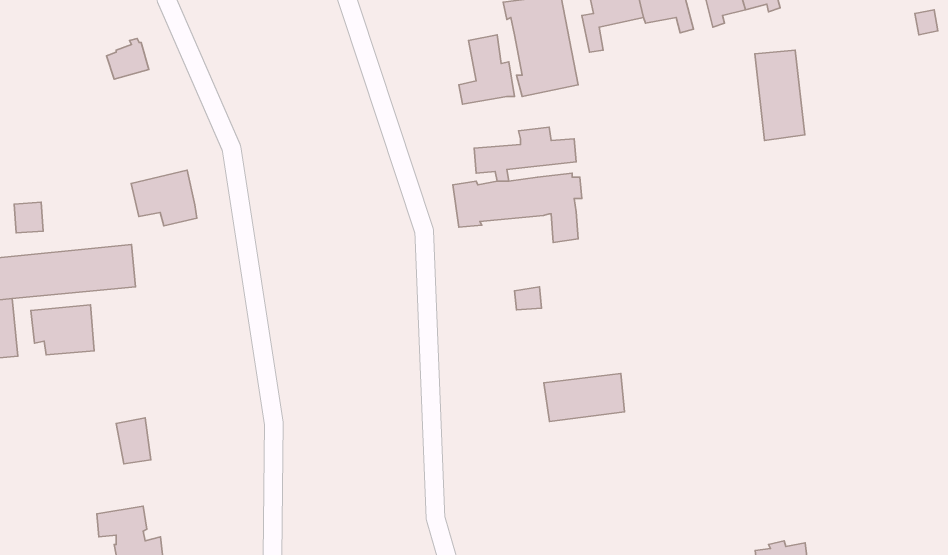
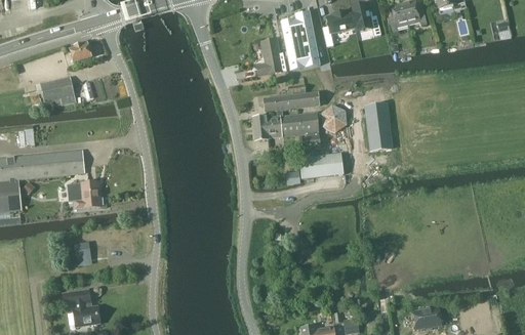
building: [755,50,805,141] -> [365,103,392,152]
building: none -> [321,106,346,132]
building: [131,170,197,226] -> [41,76,76,106]
building: [31,305,94,355] -> [67,181,100,208]
building: [544,373,625,421] -> [299,153,342,178]

